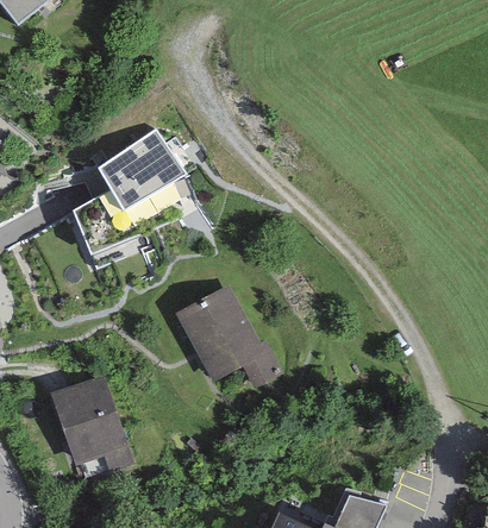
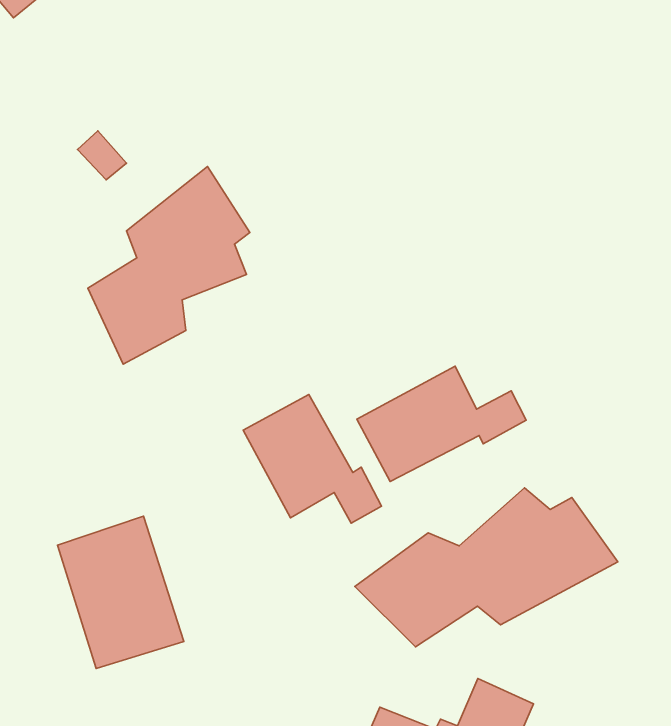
building: none -> [357,366,526,481]
building: none -> [355,488,618,647]

